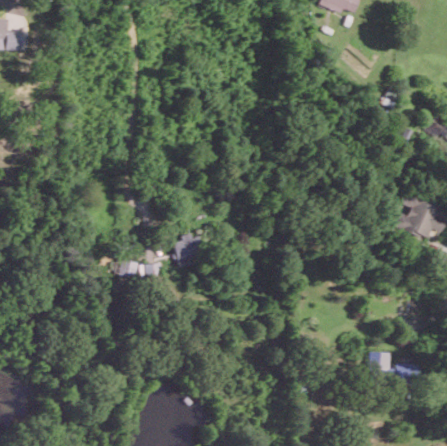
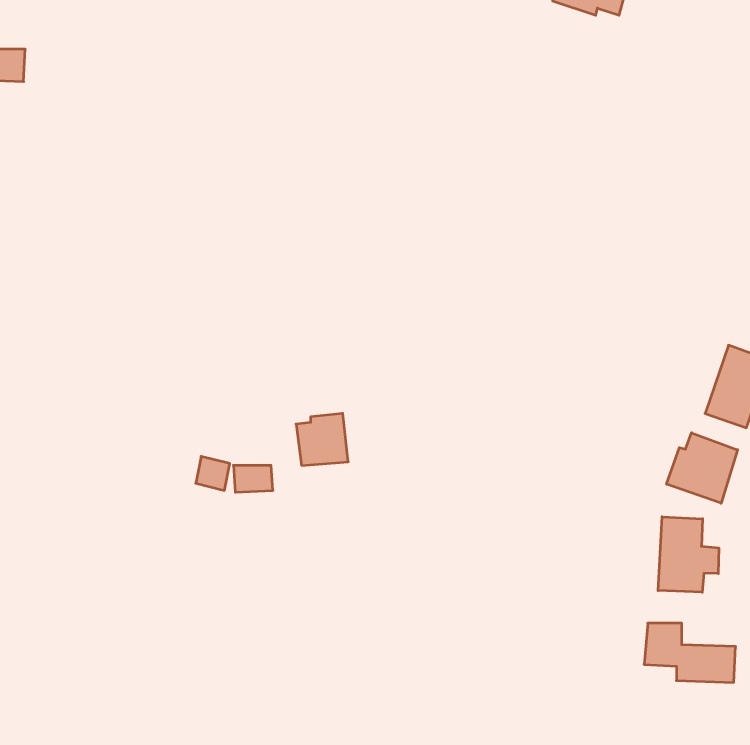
building: none -> [667,433,738,503]
building: none -> [658,517,719,592]

